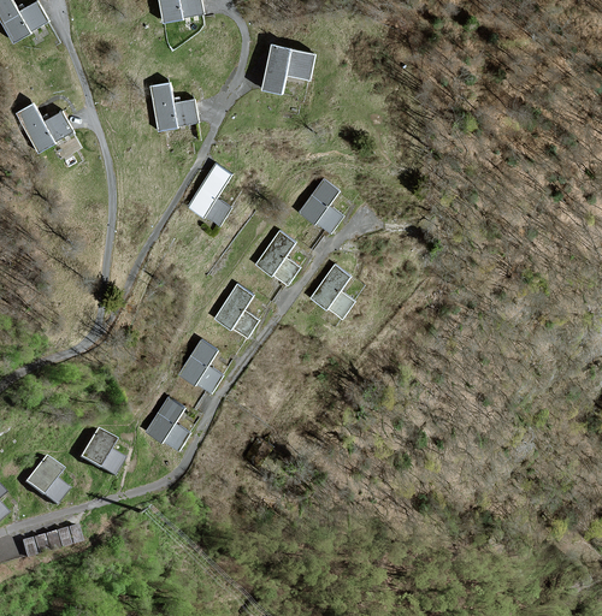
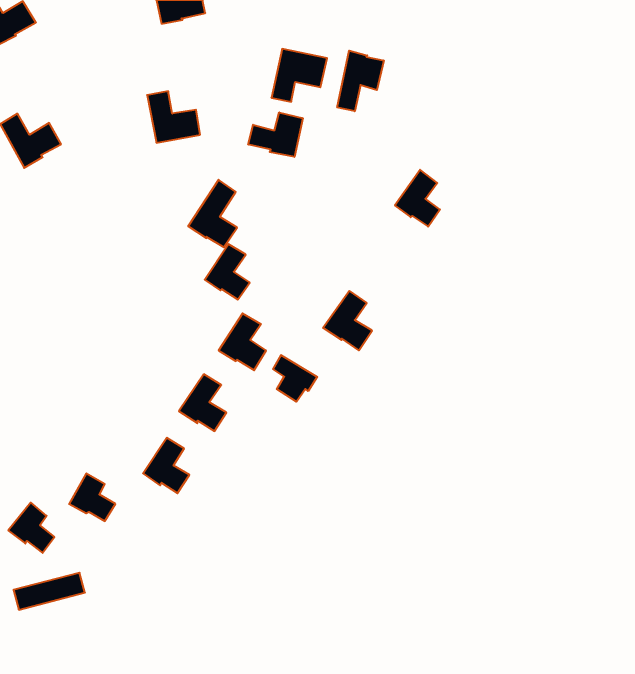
building: none -> [337,51,384,111]
building: none -> [248,112,303,157]
building: [300,179,341,231] -> [395,170,440,227]
building: [256,232,297,283] -> [205,244,250,300]
building: none -> [273,355,317,402]

